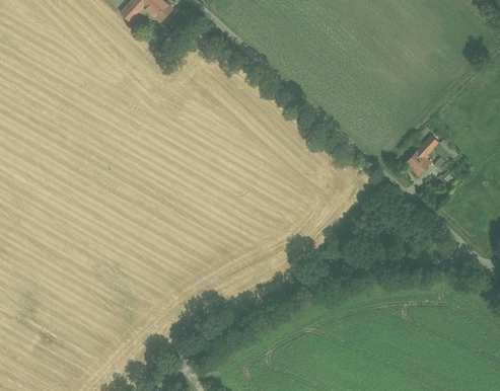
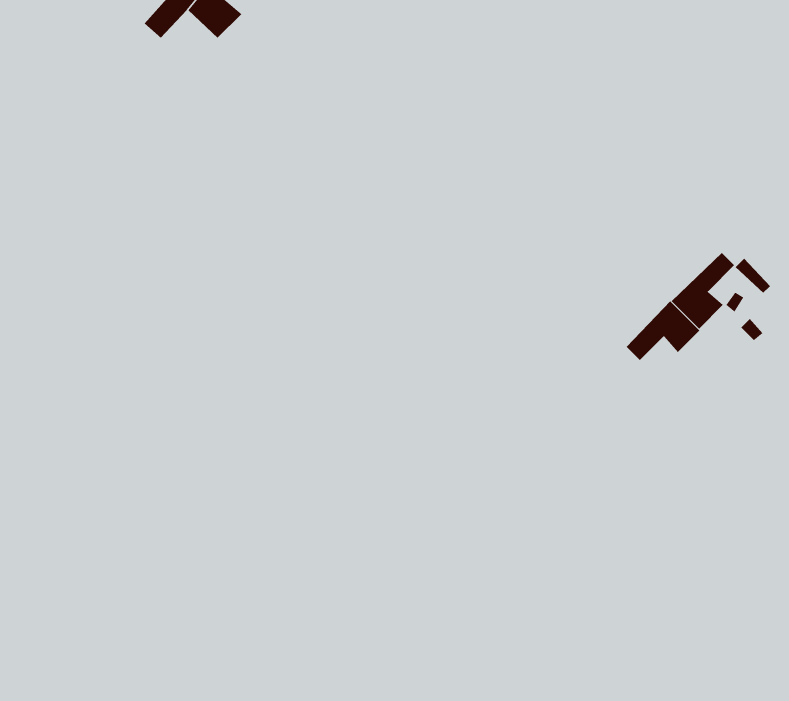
building: none -> [626,301,700,361]

